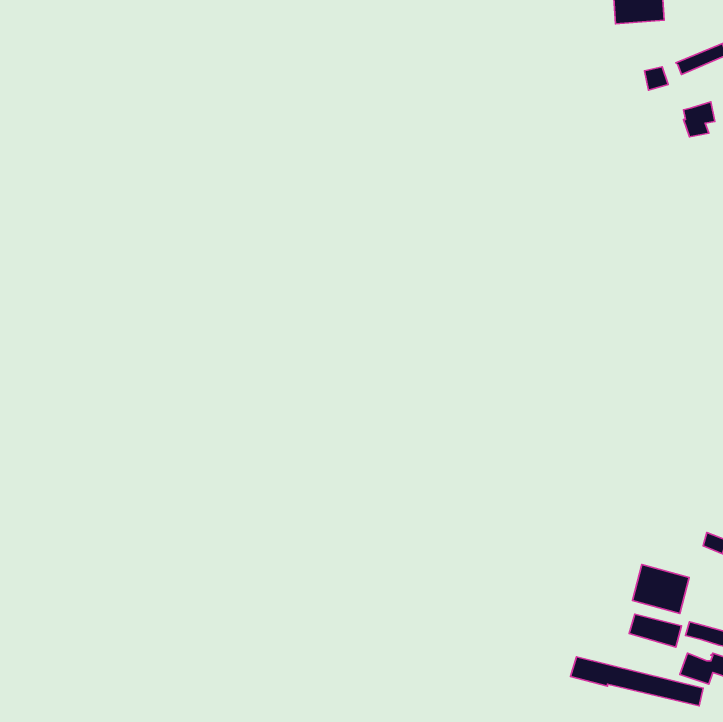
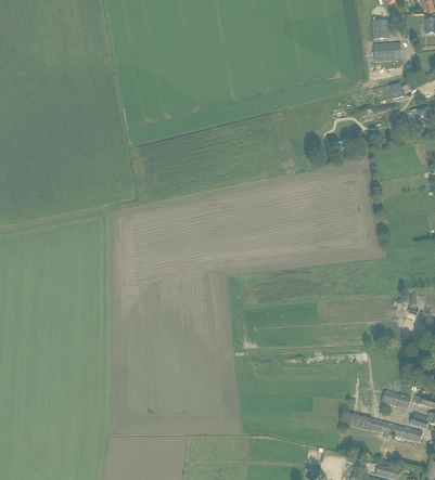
building: [632,564,689,613] -> none

